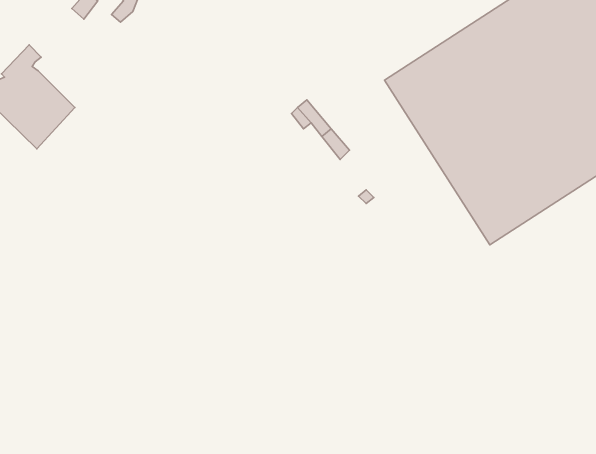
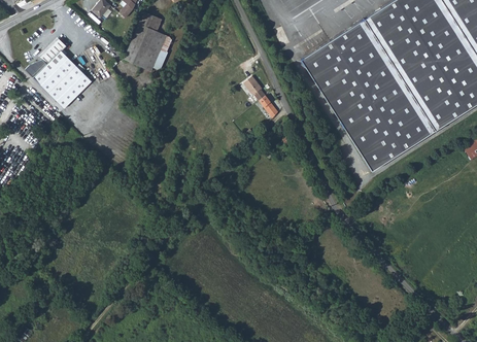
building: none -> [125,13,170,71]

